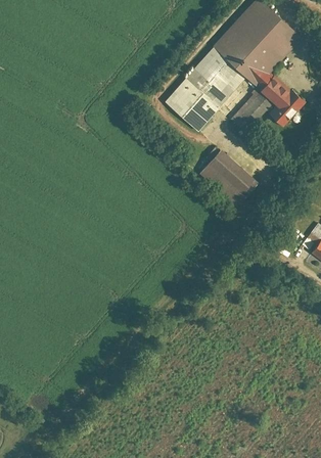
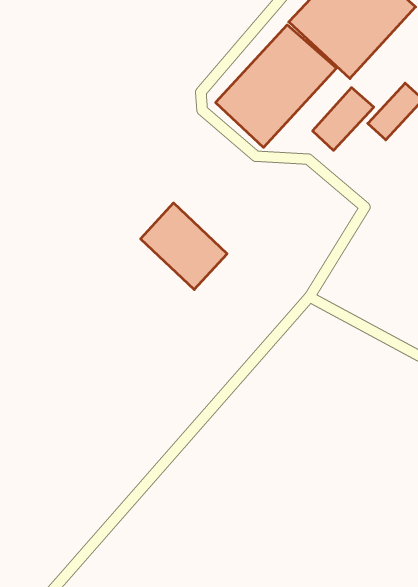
building: [261,76,290,104] -> none
building: [198,148,258,208] -> [141,203,227,290]

